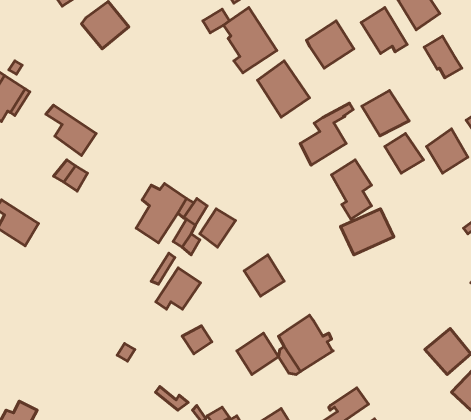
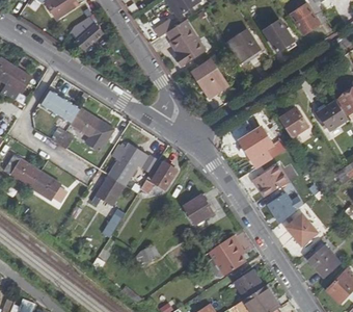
building: [424,36,462,78] -> none
building: [362,90,409,136] -> none
building: [300,103,353,165] -> none
building: none -> [69,108,113,152]
building: none -> [29,172,64,200]
building: none -> [265,190,303,219]
building: [156,268,200,309] -> [91,175,123,204]
building: none -> [288,214,319,245]
building: [237,333,278,375] -> [233,270,262,300]

